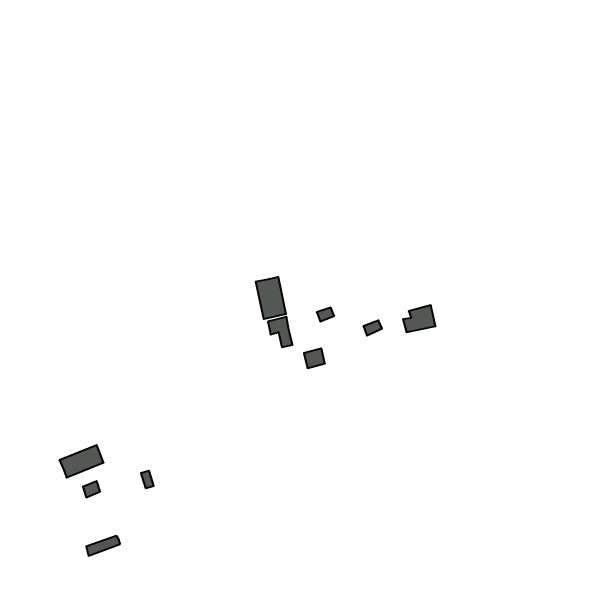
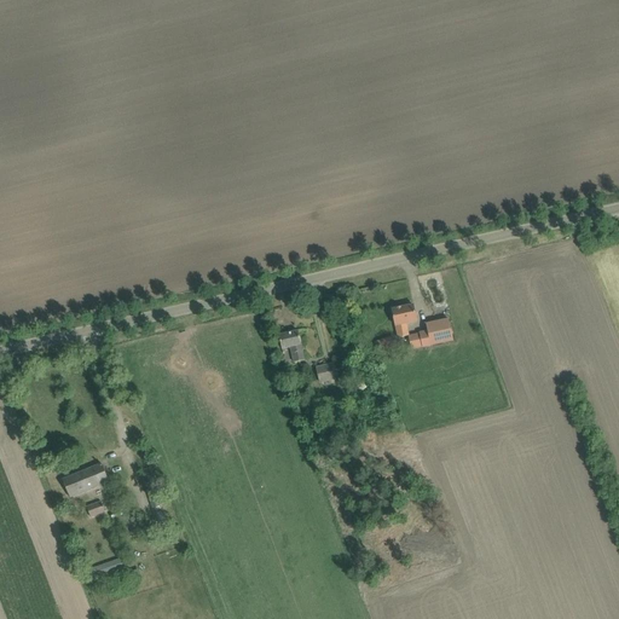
building: [256,277,286,319] -> none
building: none -> [391,302,416,335]

